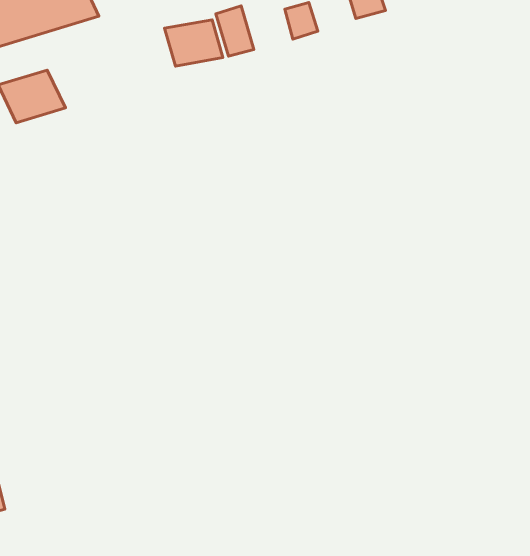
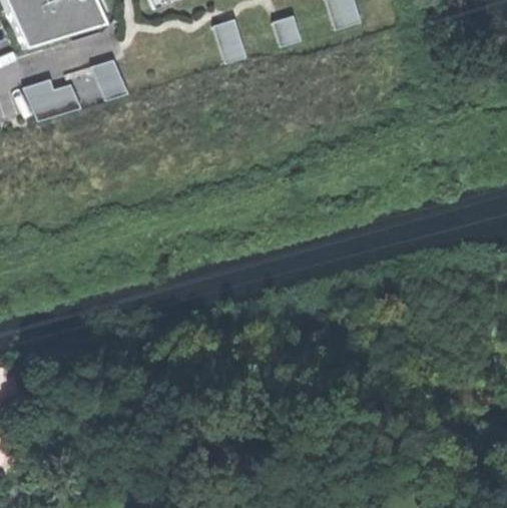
building: [165,20,223,66] -> none
building: none -> [90,59,126,99]

